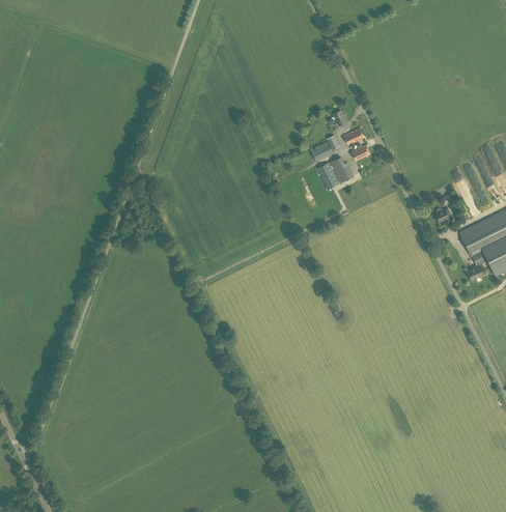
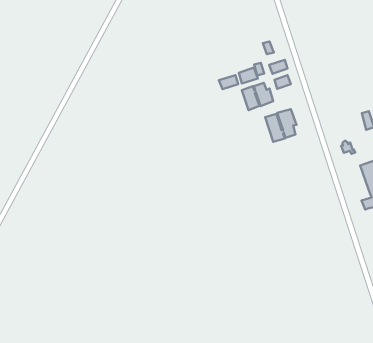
building: none -> [265,109,296,142]

